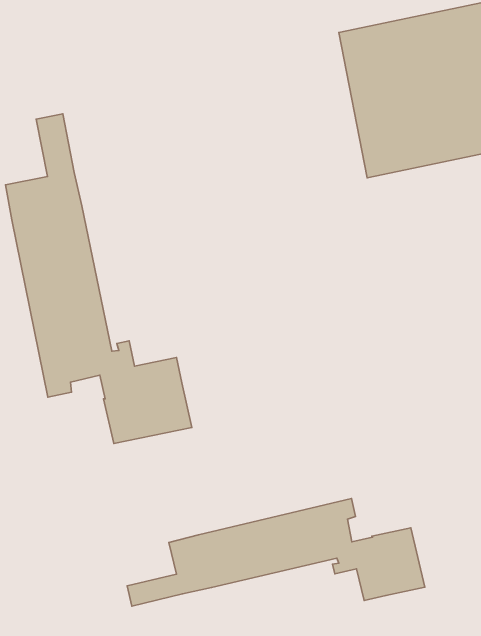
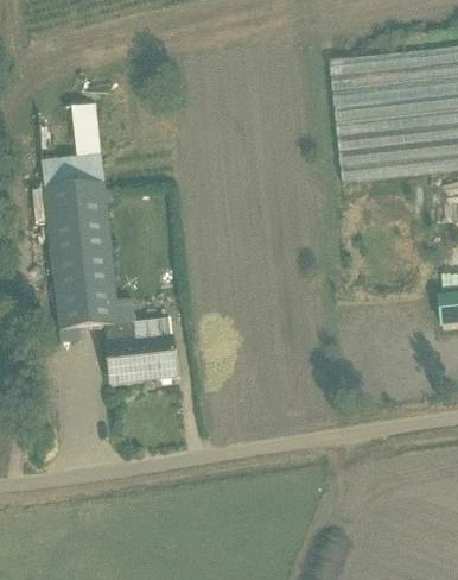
building: [127,499,425,606] -> none

